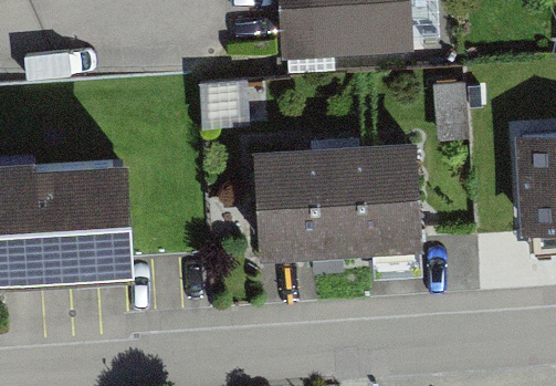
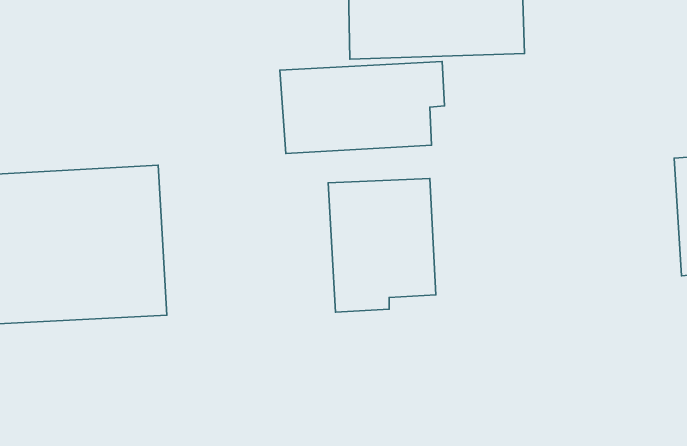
building: none -> [280,62,445,154]
building: [338,156,420,255] -> none

